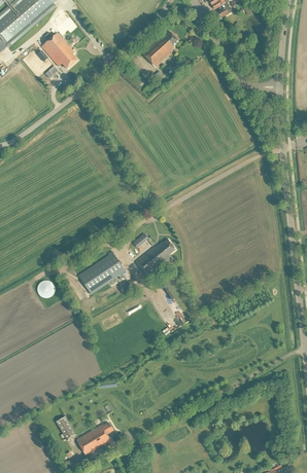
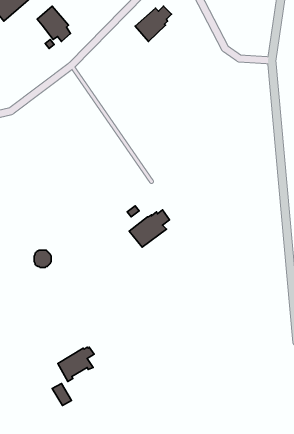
building: [78,251,125,293] -> none
building: [76,422,113,457] -> [58,347,94,382]

